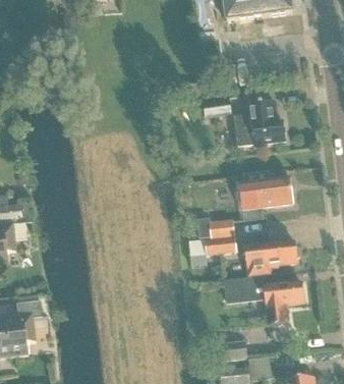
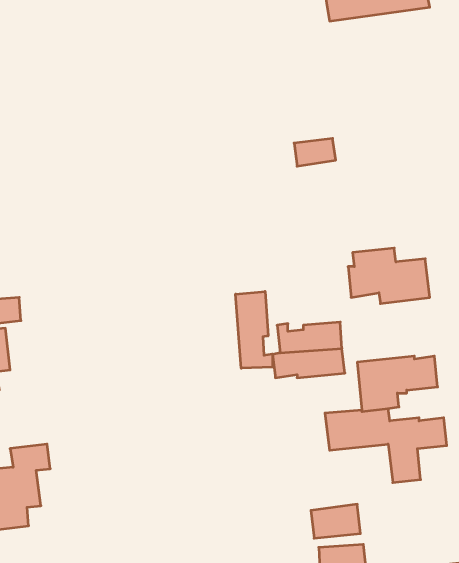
building: [232,101,286,148] -> none
building: none -> [236,291,273,368]

